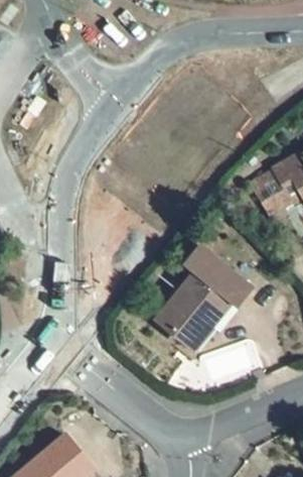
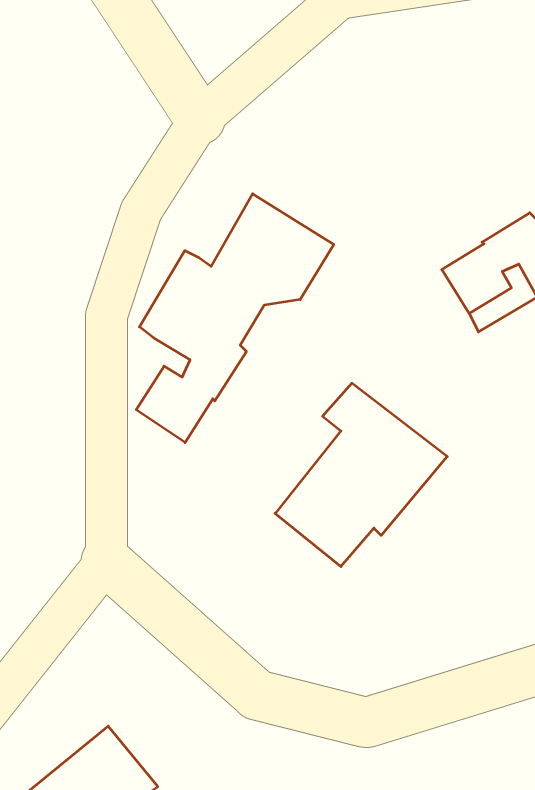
building: none -> [136,194,334,443]

